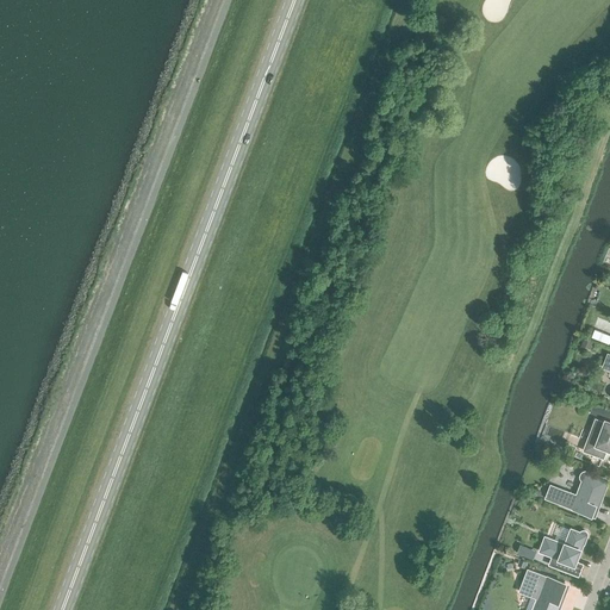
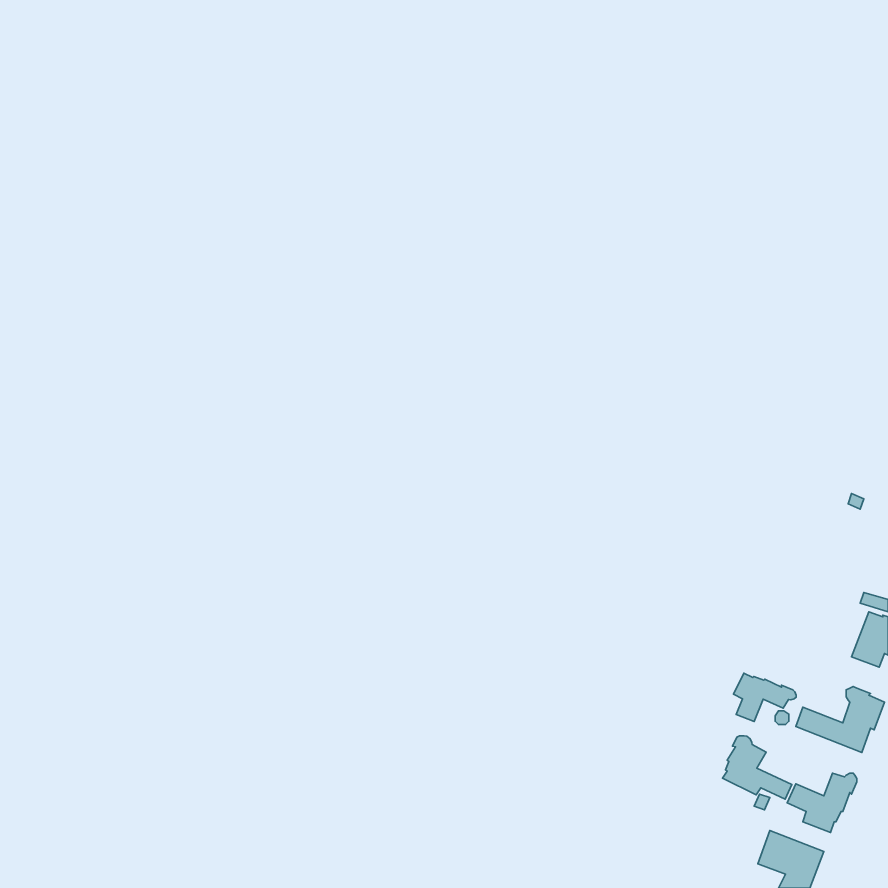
building: none -> [733,673,796,721]
building: none -> [722,736,792,799]

